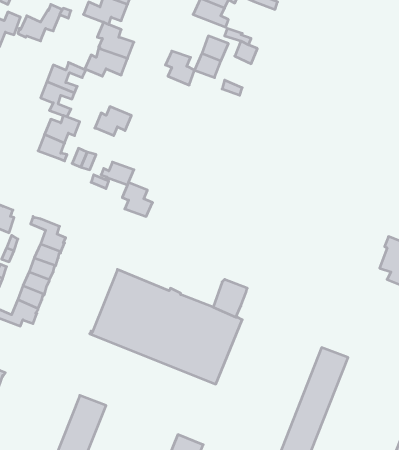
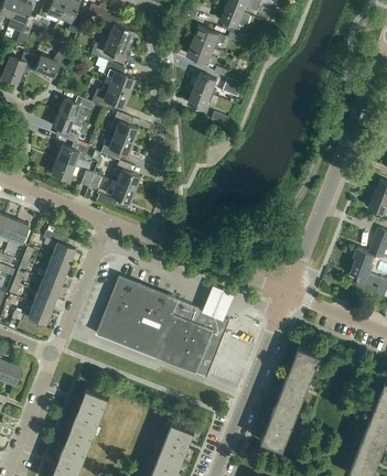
building: [165,51,194,85] -> [110,113,136,143]
building: [122,182,153,216] -> [112,161,139,191]

